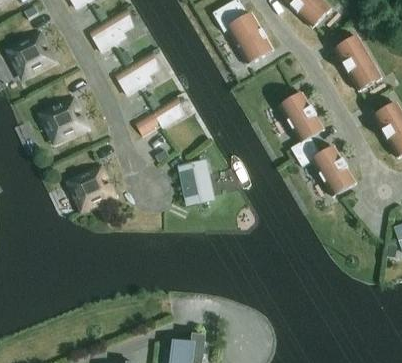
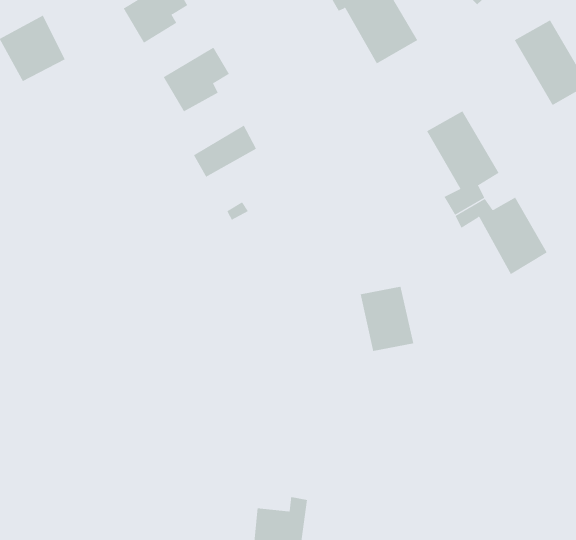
building: [43,98,85,139] -> none
building: [178,161,212,202] -> [360,286,414,352]
building: [71,166,112,207] -> none

